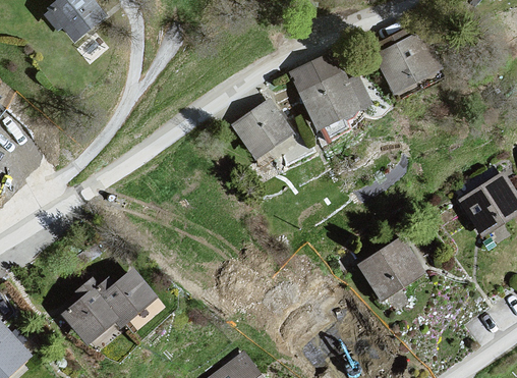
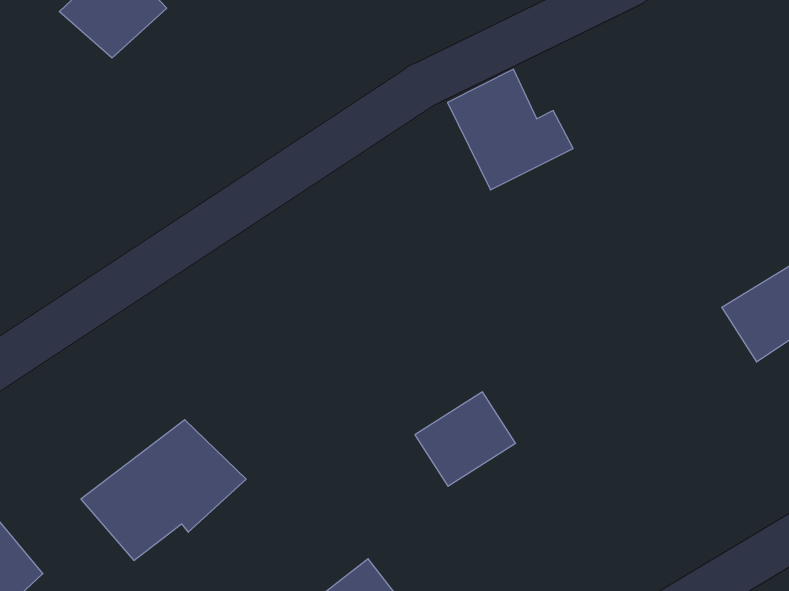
building: [374,31,438,90] -> none
building: [232,100,289,155] -> none
building: [358,237,420,295] -> [415,392,516,486]

